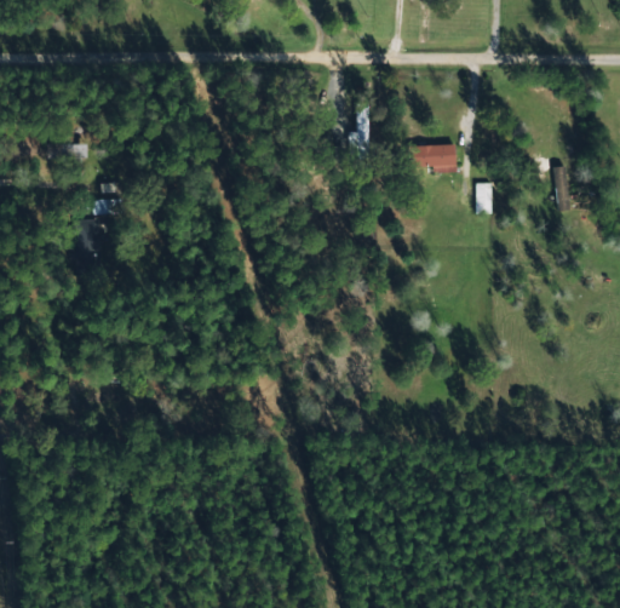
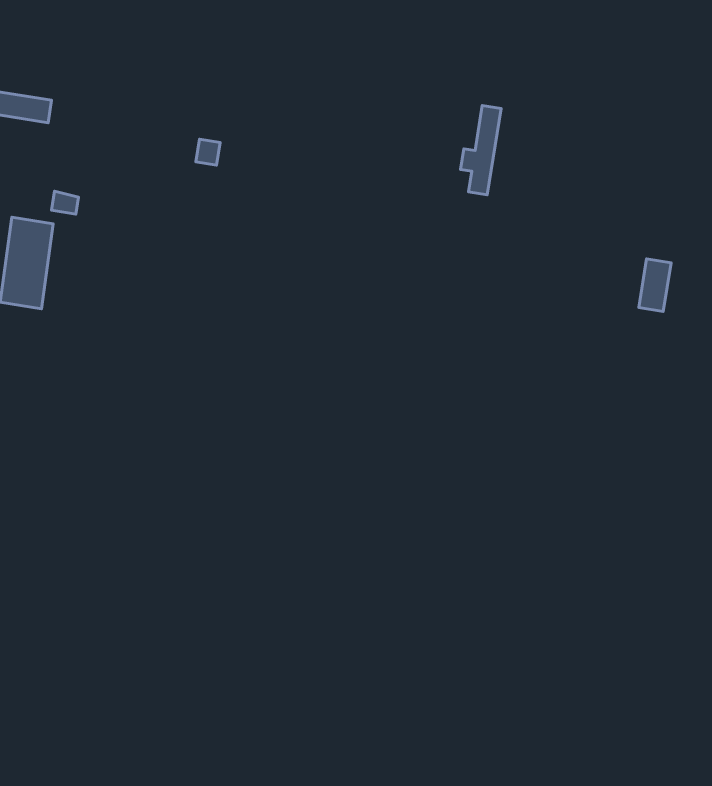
building: [409,144,457,170] -> none

